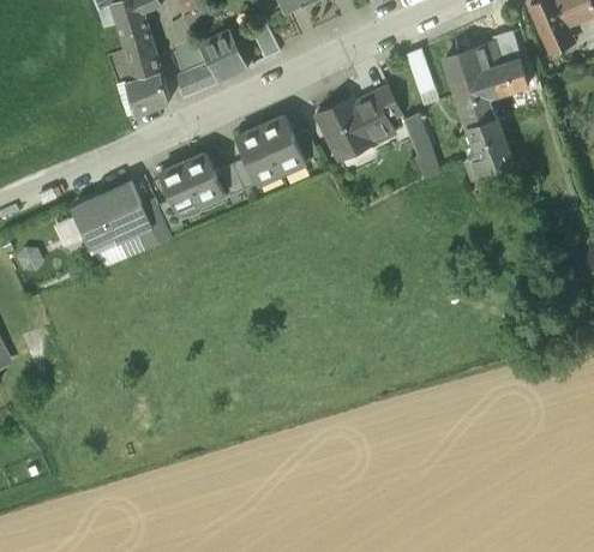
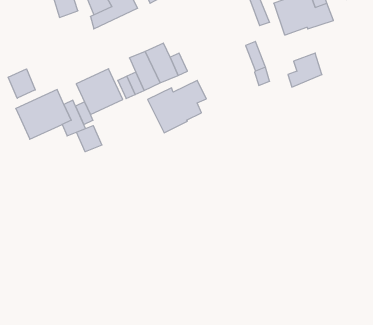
building: [125,70,168,116] -> none
building: [316,86,401,162] -> [148,80,206,133]
building: [460,94,503,143] -> none
building: none -> [8,69,35,98]
building: none -> [76,126,102,152]

